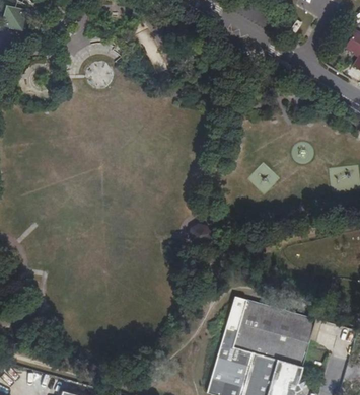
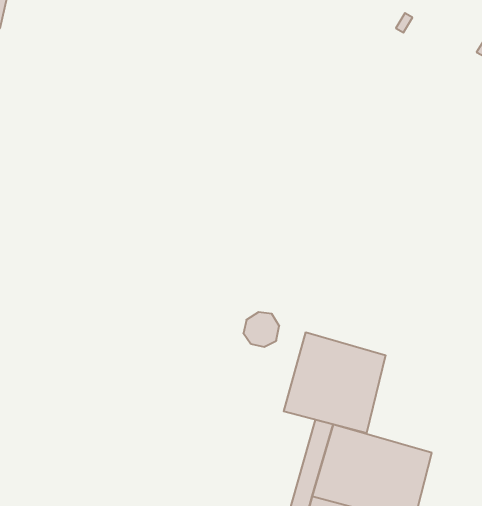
building: none -> [284,332,386,433]

